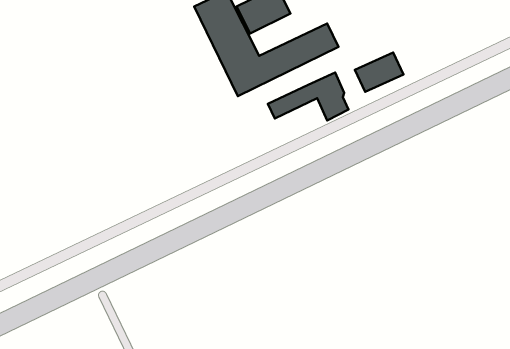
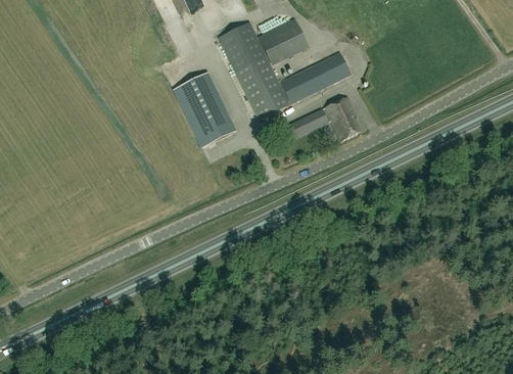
building: none -> [174,74,234,146]
building: [355,52,403,92] -> none

